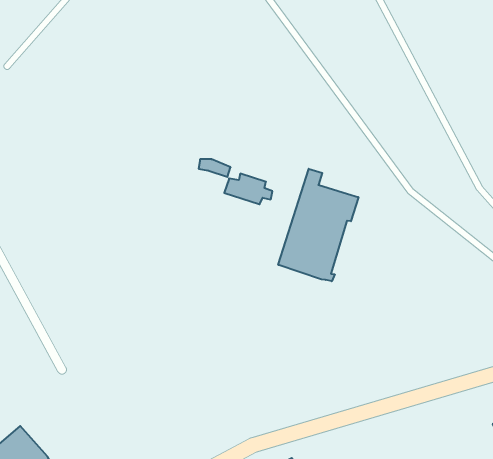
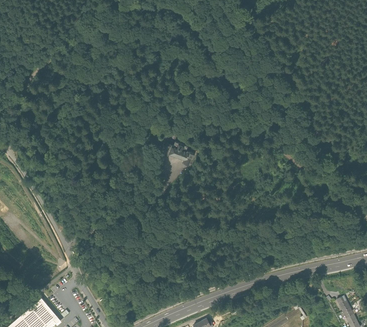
building: [278,169,358,281] -> none

